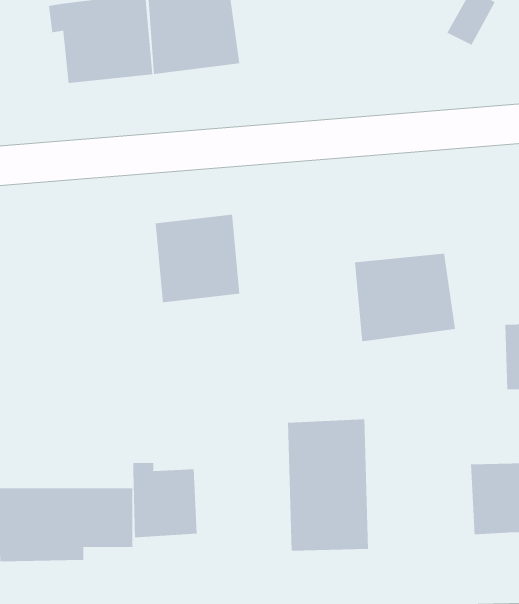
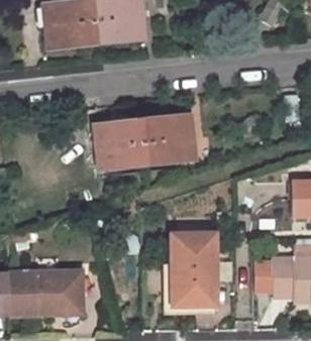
building: [354,253,456,342] -> [140,115,197,164]
building: [133,462,197,538] -> none

